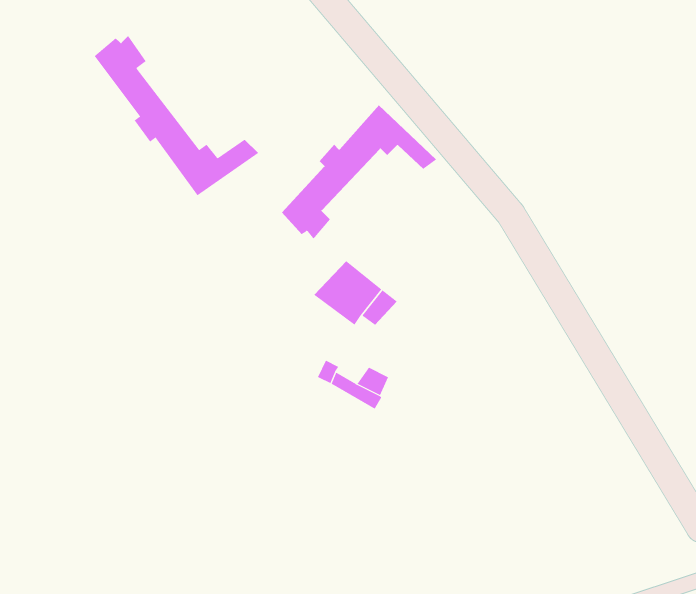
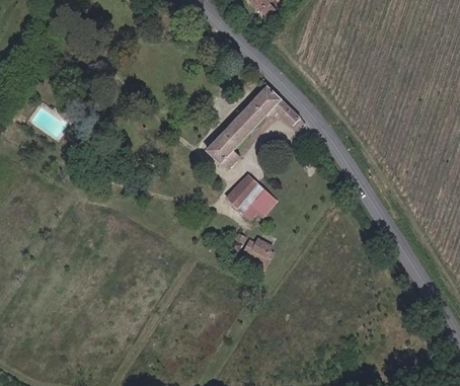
building: [94,35,259,196] -> none

